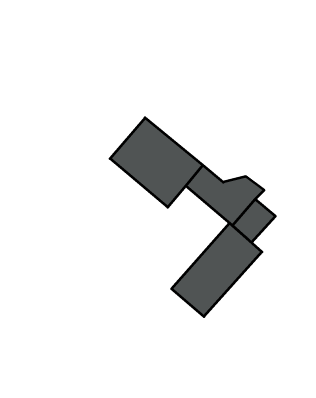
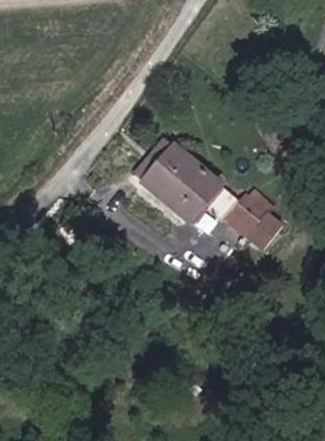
building: [172,223,262,317] -> none

